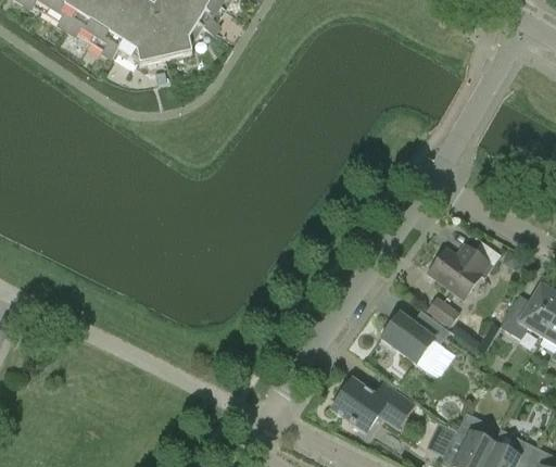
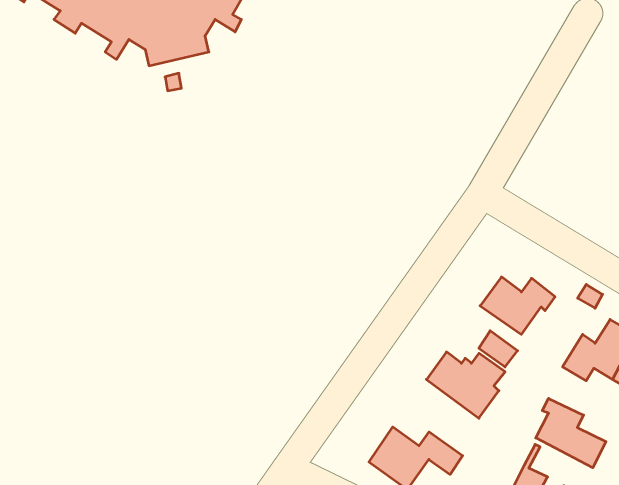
building: none -> [536,398,606,468]

